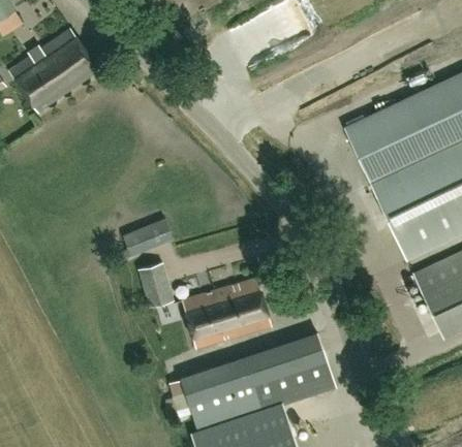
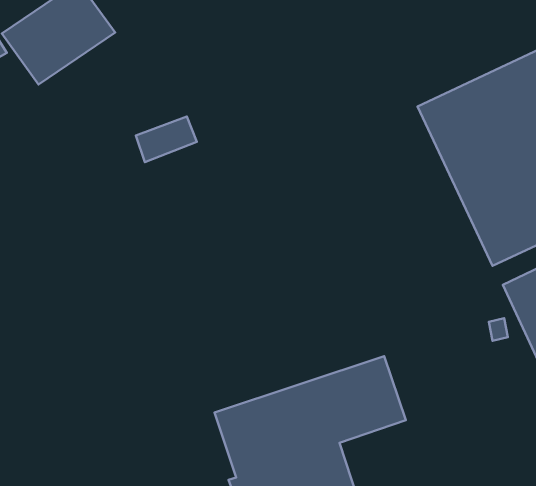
building: [123,219,173,256] -> [136,116,197,162]
building: [137,262,174,308] -> none
building: [181,279,271,349] -> none

